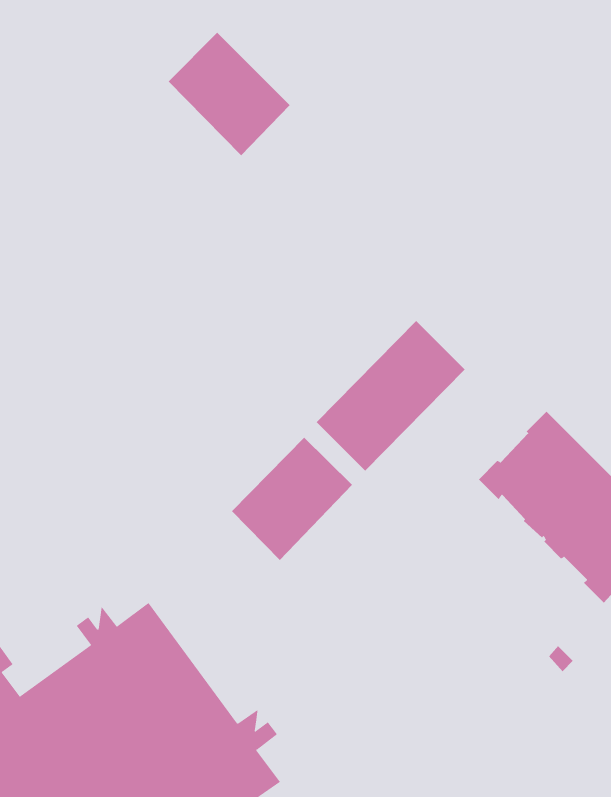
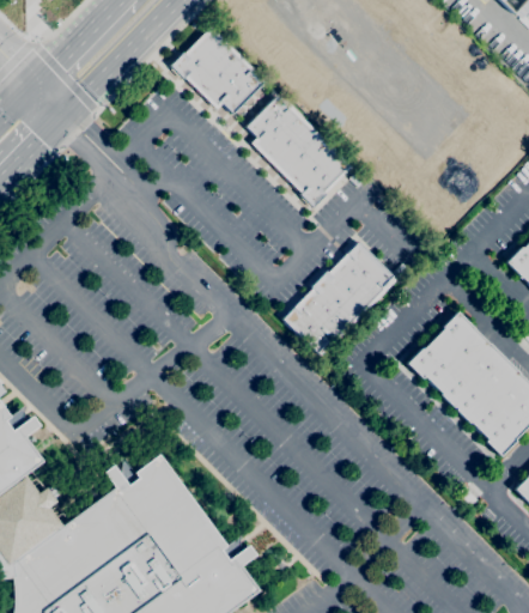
building: none -> [242,96,351,205]
building: [231,437,353,561] -> none

